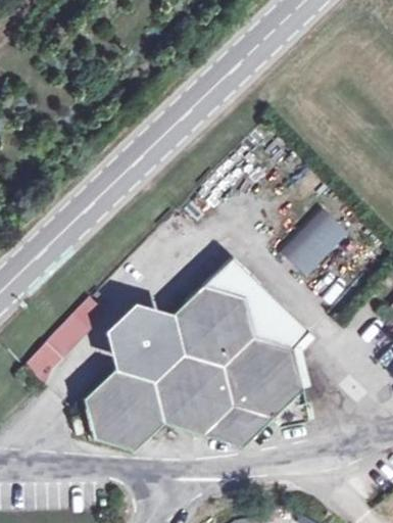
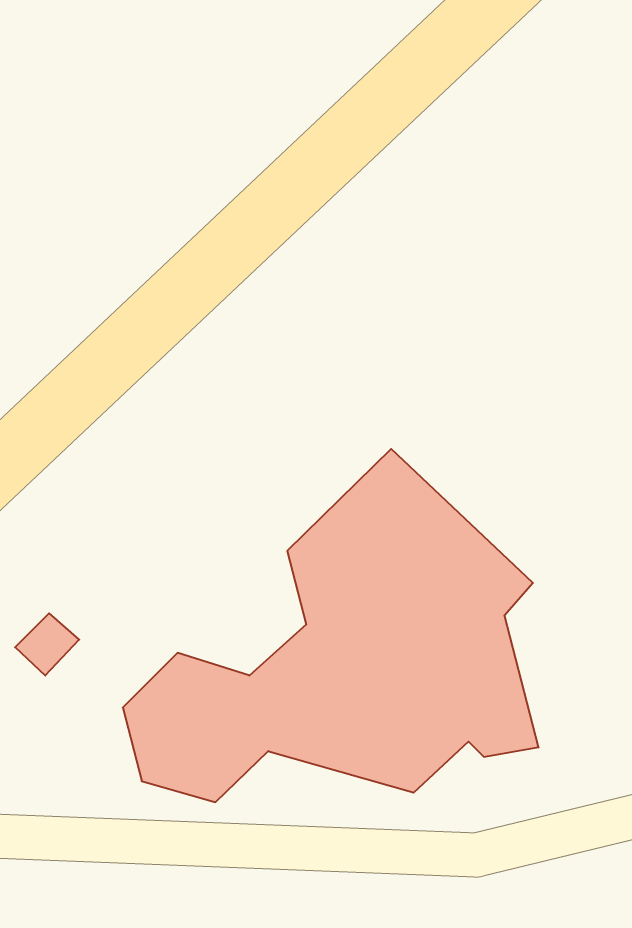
building: [281,207,352,282] -> none
building: [105,302,184,381] -> none

